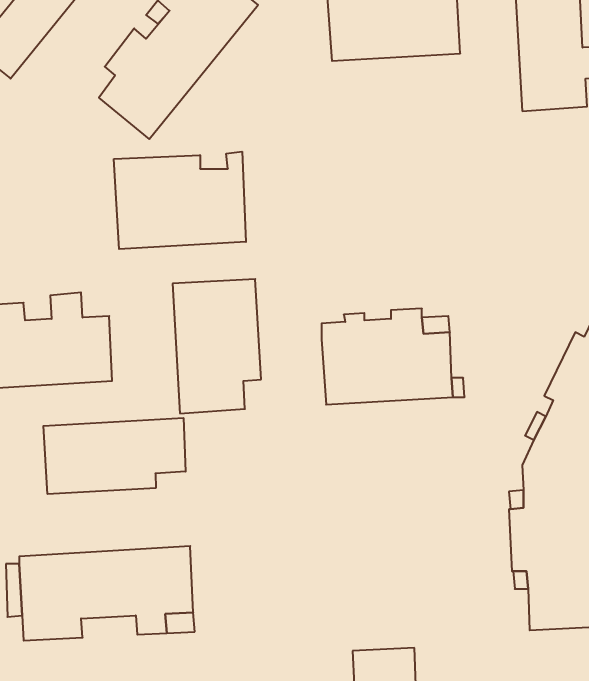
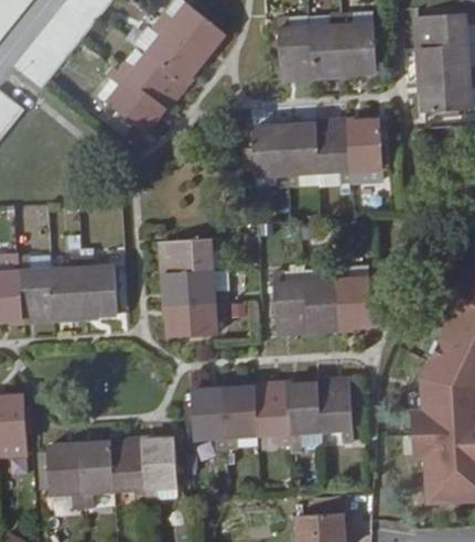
building: none -> [252,119,385,189]
building: [114,152,246,249] -> none
building: [43,418,186,494] -> none
building: none -> [192,381,354,451]

